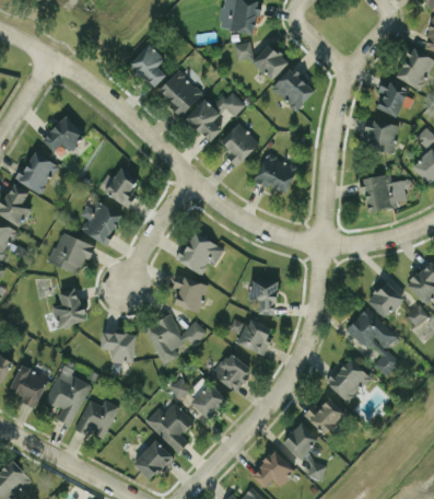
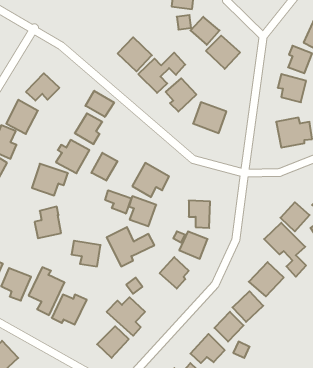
building: [129,44,166,88] -> none
building: none -> [85,91,114,117]
building: none -> [91,153,117,181]
building: none -> [105,190,131,214]
building: [189,382,225,418] -> none

